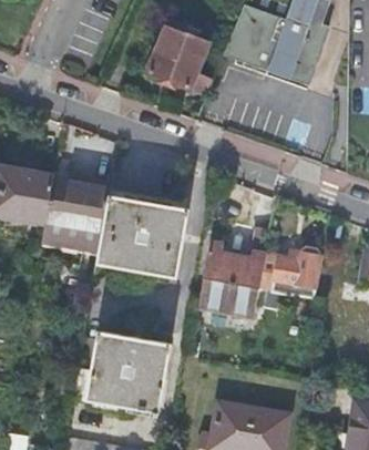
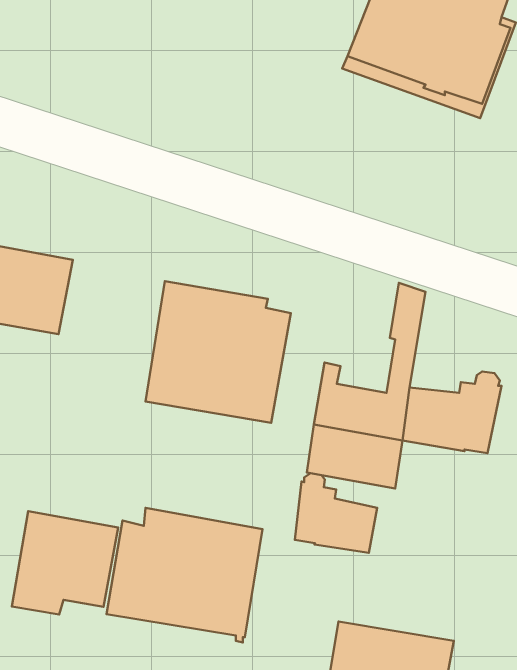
building: [146,19,212,94] -> none
building: [39,175,109,259] -> none
building: none -> [295,473,377,553]
building: none -> [12,511,118,615]

